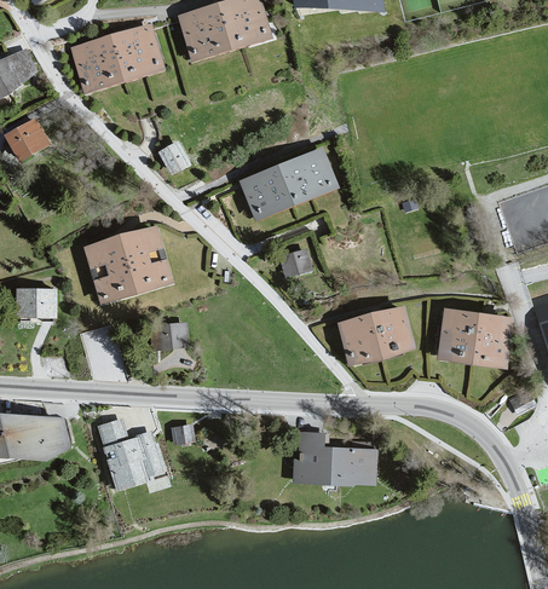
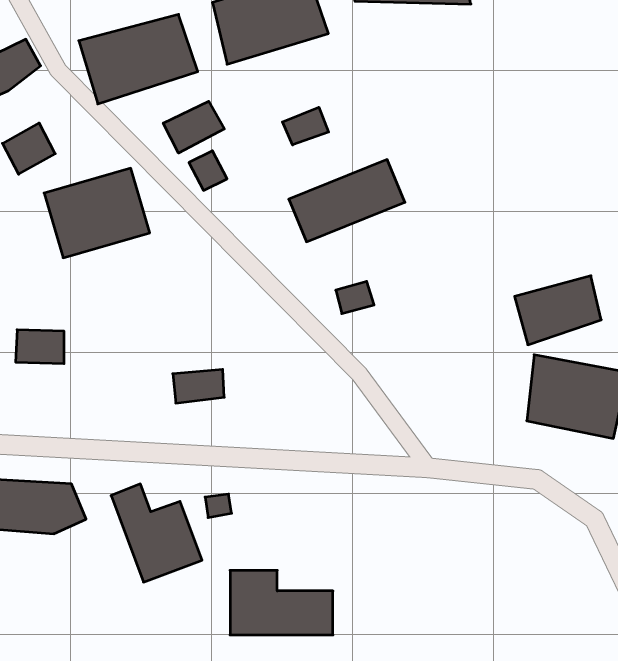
building: none -> [163,101,224,153]
building: none -> [282,107,329,145]
building: [85,224,172,298] -> [44,168,150,258]
building: [342,311,414,368] -> [515,276,601,345]
building: [288,428,373,481] -> [230,570,333,635]

